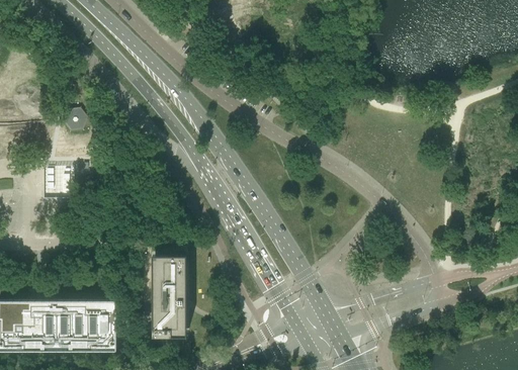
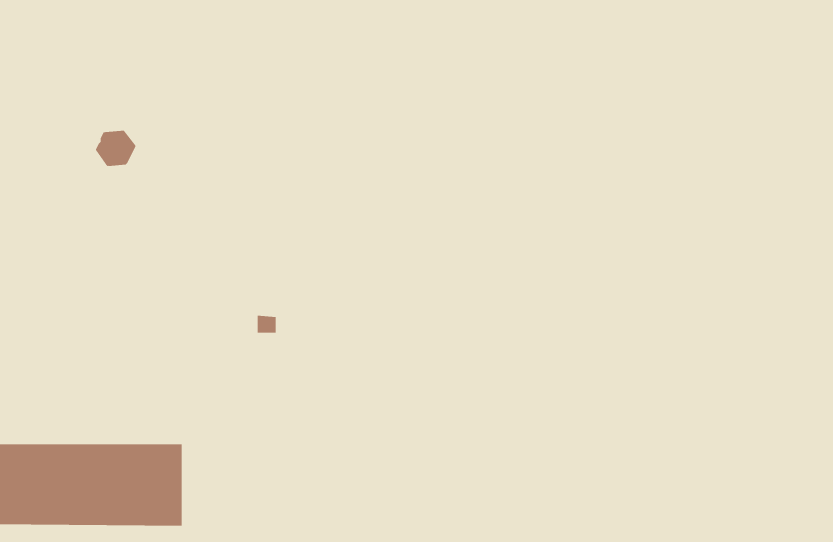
building: [151,254,185,336] -> none

